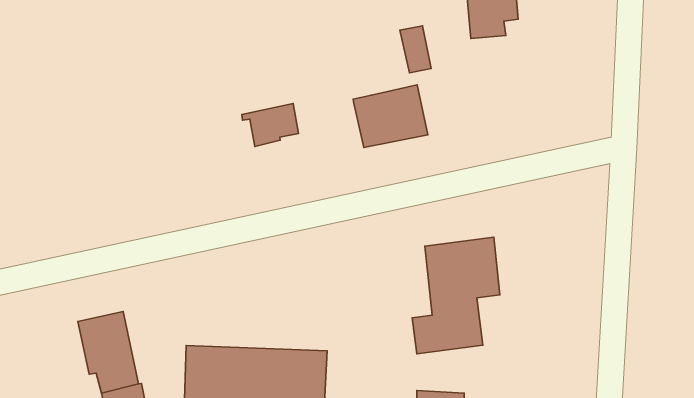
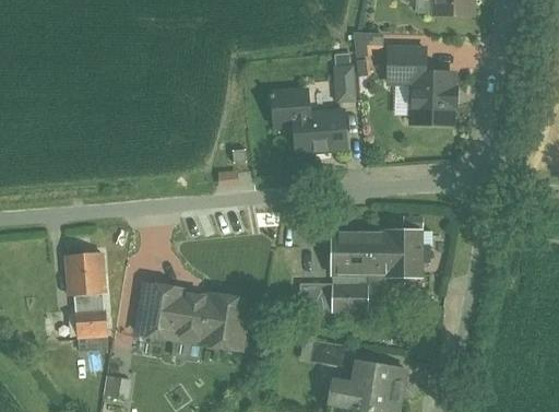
building: none -> [412,71,454,123]
building: [242,103,298,146] -> [266,91,307,119]
building: none -> [383,231,421,275]

